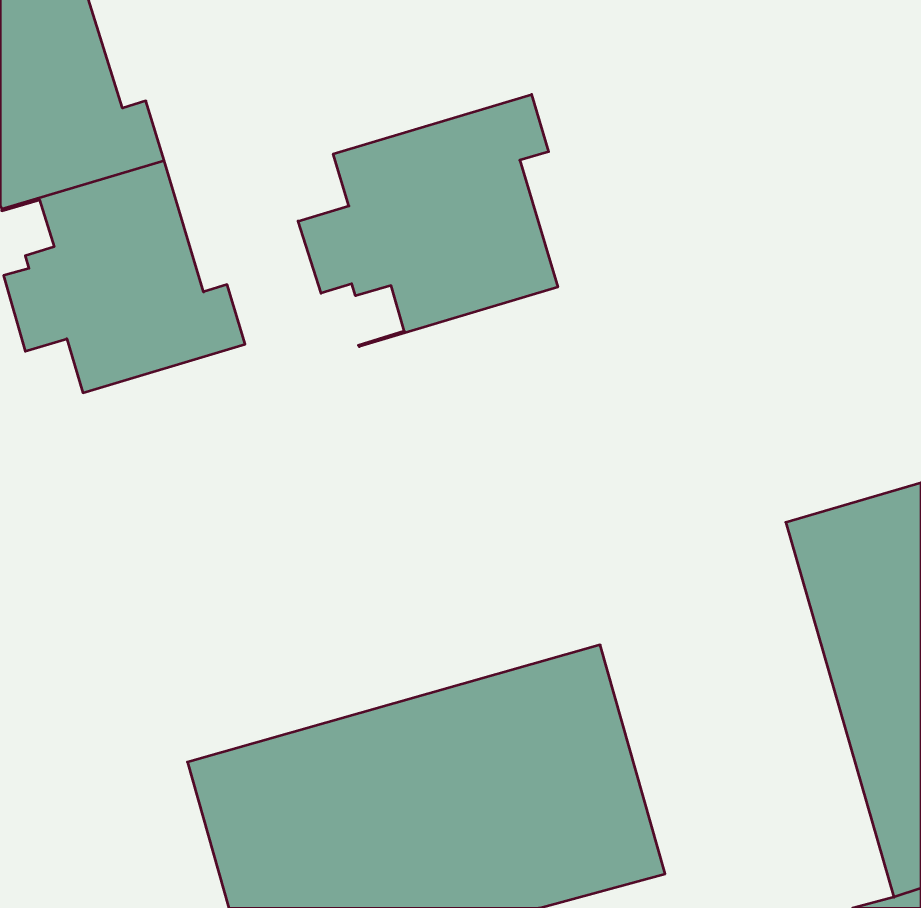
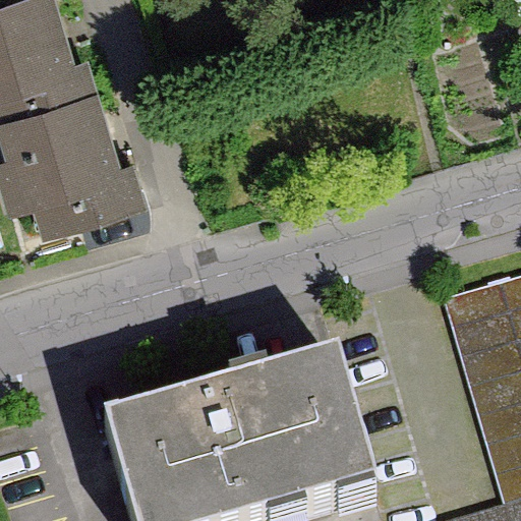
building: [298,94,558,347] -> none

